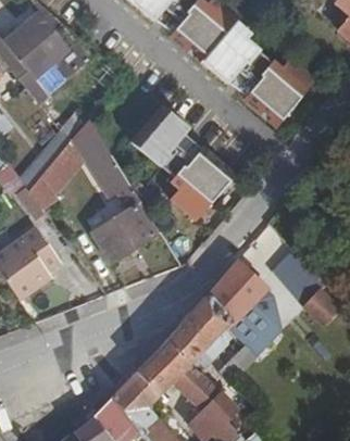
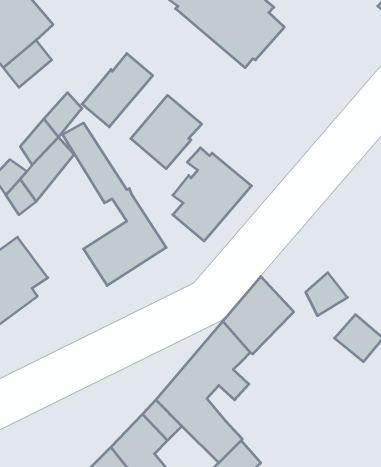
building: [236,59,314,125] -> none
building: none -> [82,53,153,127]
building: [232,286,282,352] -> none

